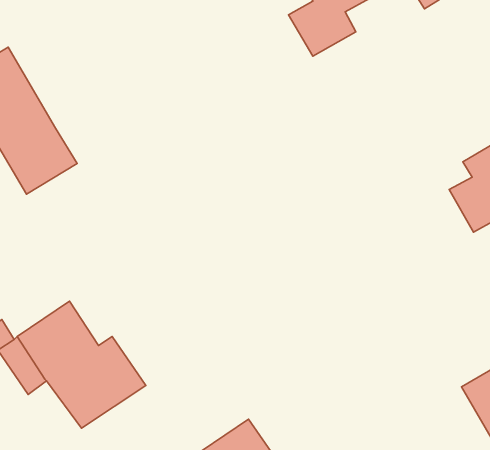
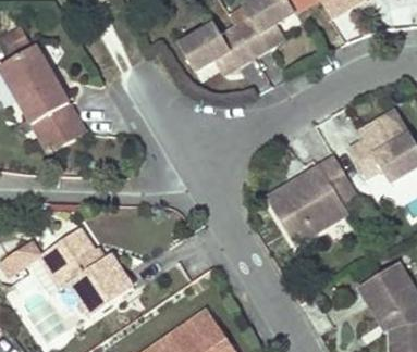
building: none -> [181,22,253,68]
building: none -> [265,155,353,241]

